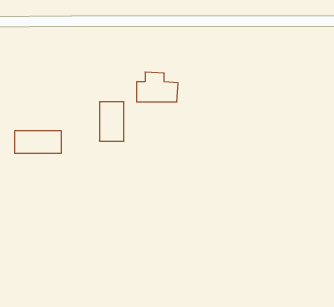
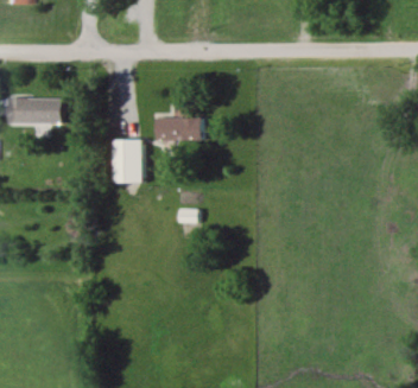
building: [15,131,61,153] -> [10,98,62,123]

